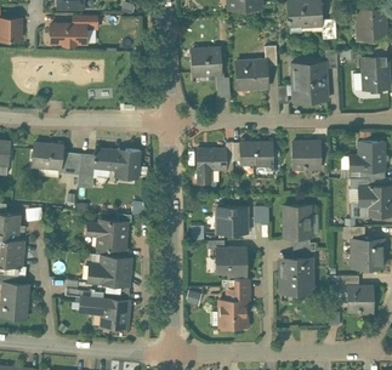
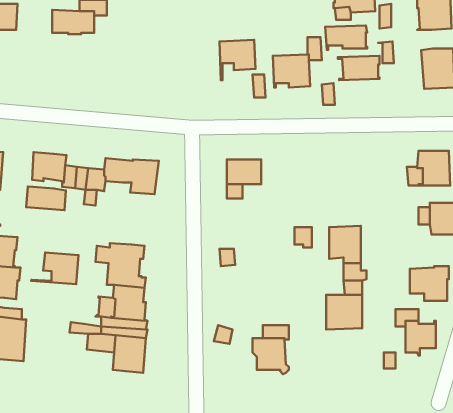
building: [291,81,326,102] -> [325,25,367,50]
building: [240,142,272,177] -> none
building: [291,142,319,169] -> none
building: none -> [26,187,66,210]
building: [216,206,248,233] -> none
building: none -> [31,253,79,284]
building: [215,249,246,275] -> none

